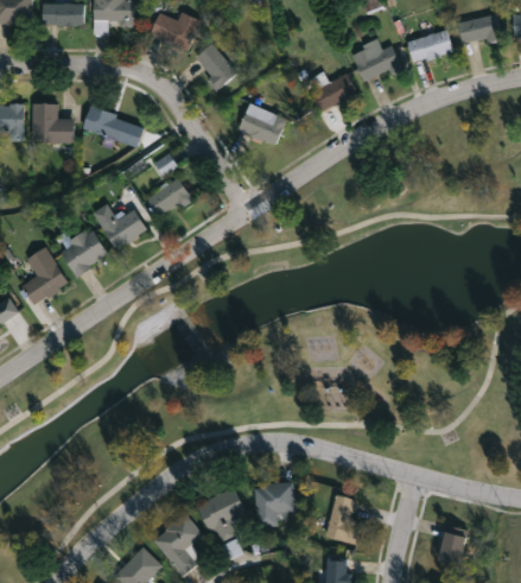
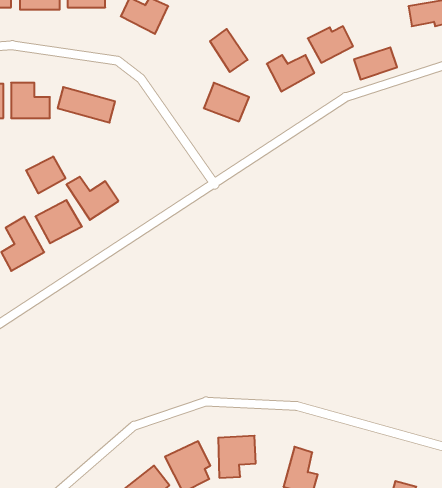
building: [407,30,453,64] -> [354,47,397,79]
building: [196,43,236,89] -> [210,29,248,72]
building: [147,182,190,216] -> none
building: none -> [26,156,65,193]

